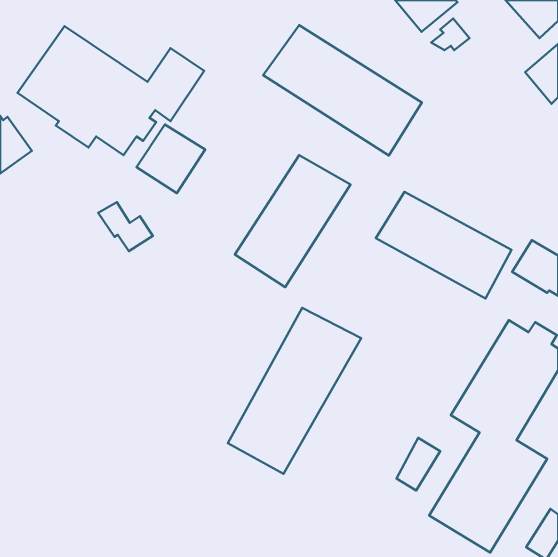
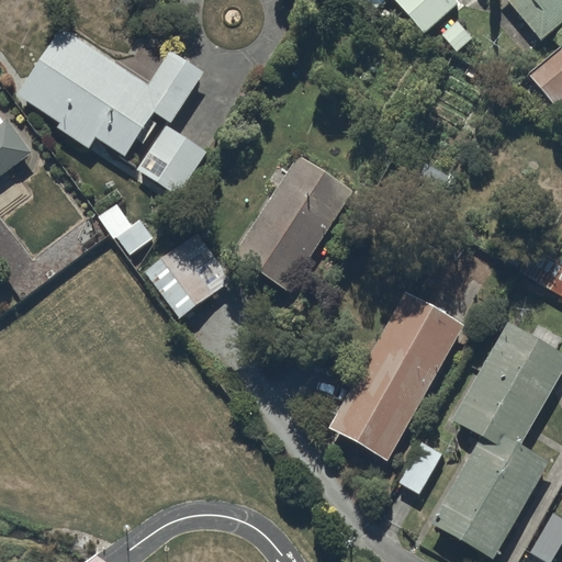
building: [263,25,422,156] -> none
building: [376,192,511,298] -> none
building: none -> [144,234,228,318]
building: [228,308,361,474] -> [330,293,464,460]

